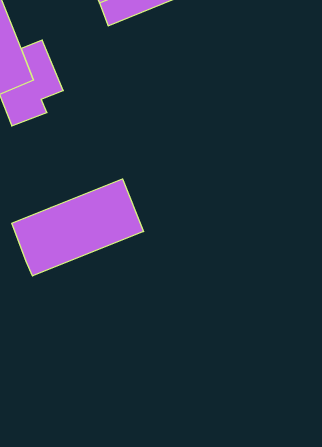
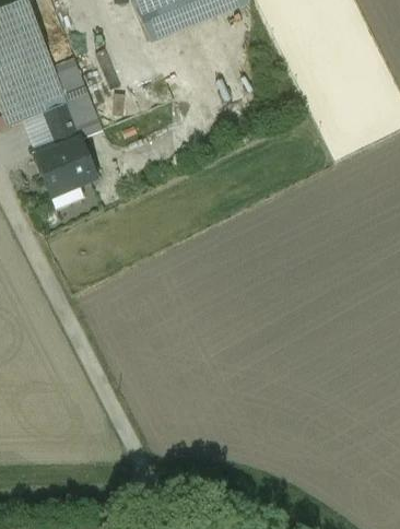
building: none -> [36,139,96,196]
building: [12,179,144,276] -> none

